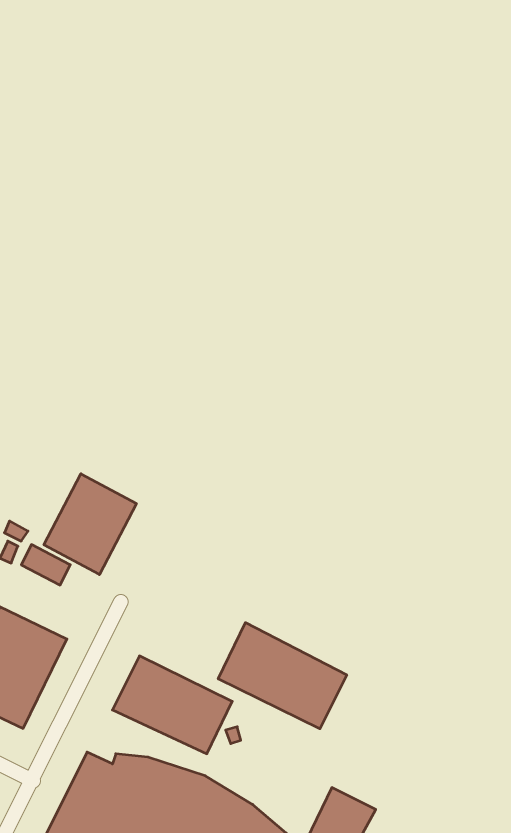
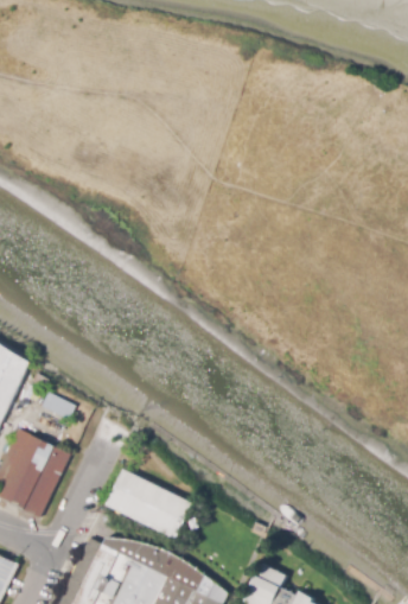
building: [44,474,136,575] -> none
building: [218,623,347,729] -> none

